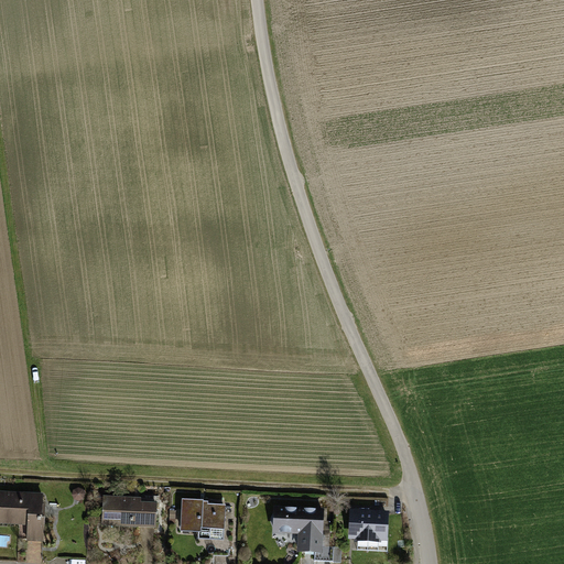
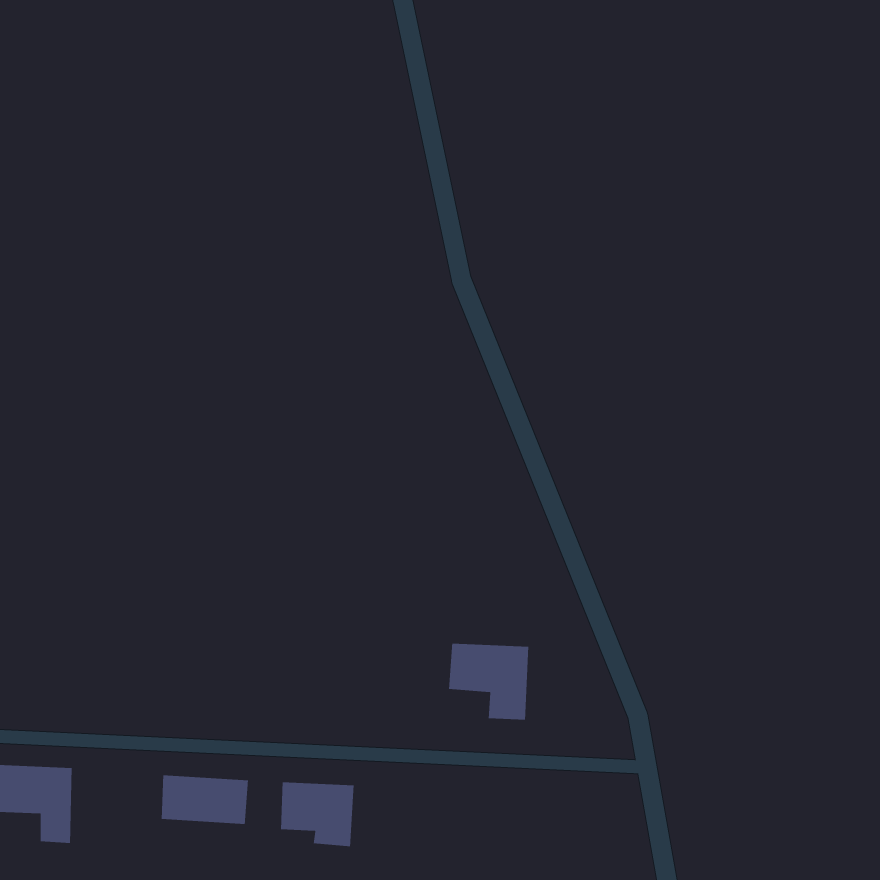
building: [273,507,325,556] -> [448,643,529,721]
building: [345,510,387,544] -> none

